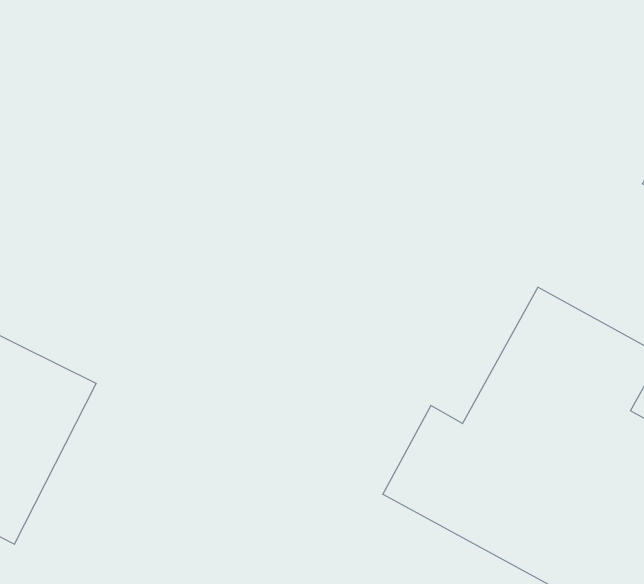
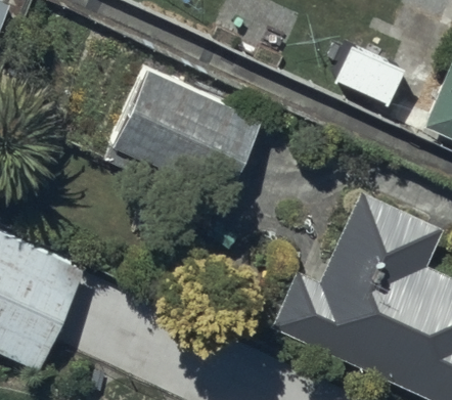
building: none -> [110,68,262,199]

